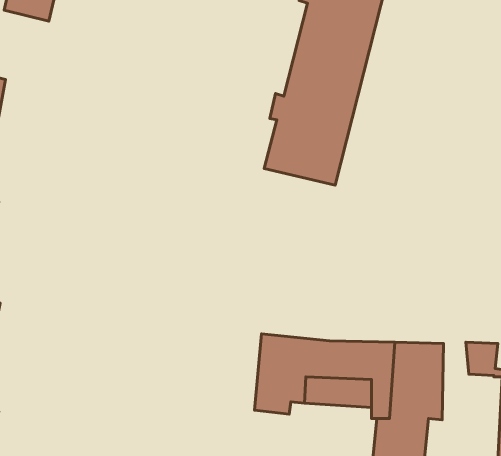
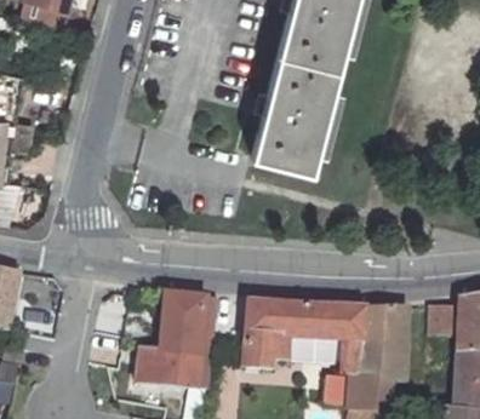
building: none -> [136,291,213,389]

